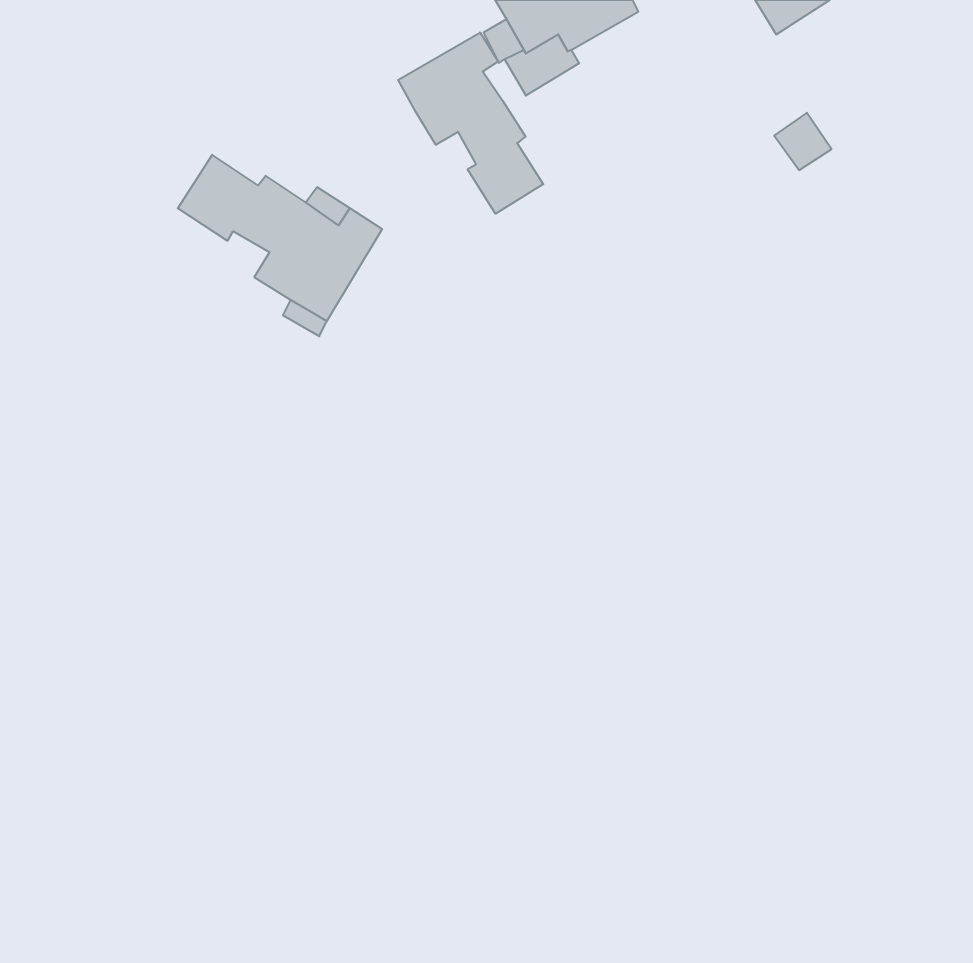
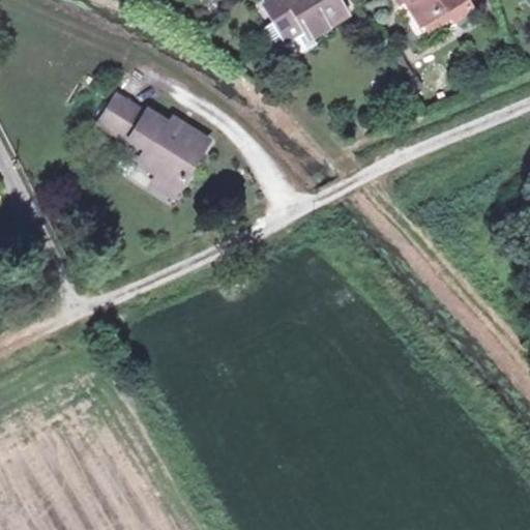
building: [398,32,543,214] -> none

